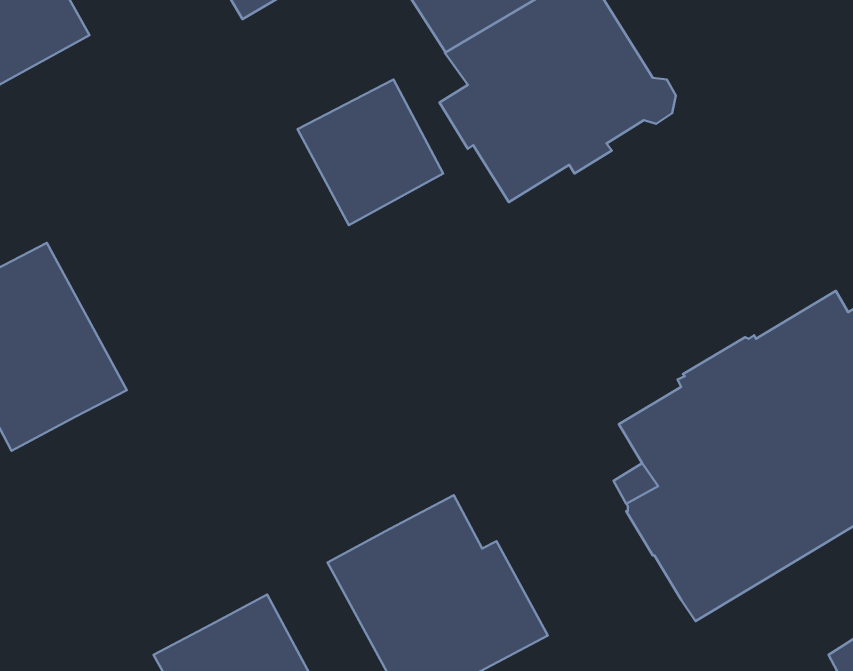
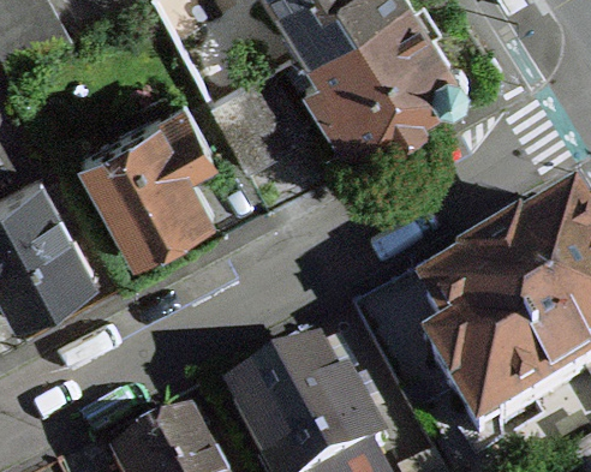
building: none -> [78,95,211,249]

